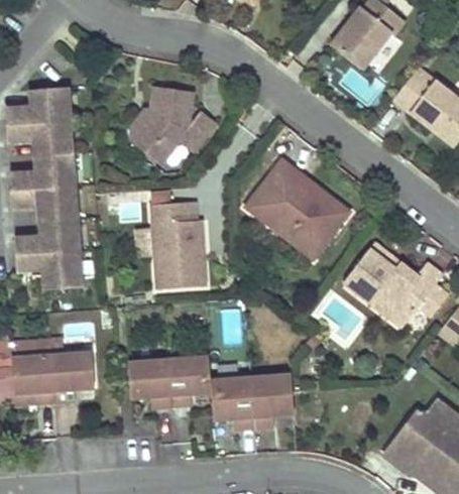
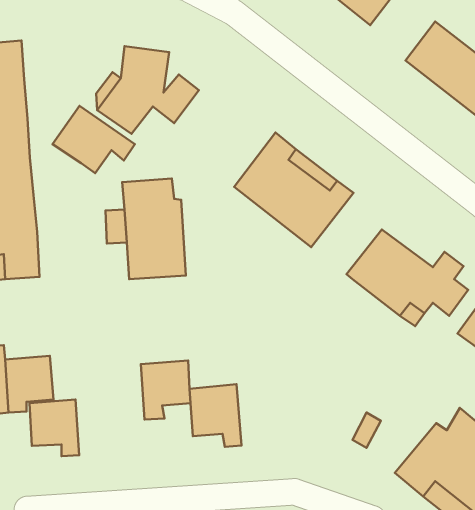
building: none -> [52,106,135,173]
building: [128,358,170,406] -> [30,400,79,456]
building: [249,371,293,427] -> none

